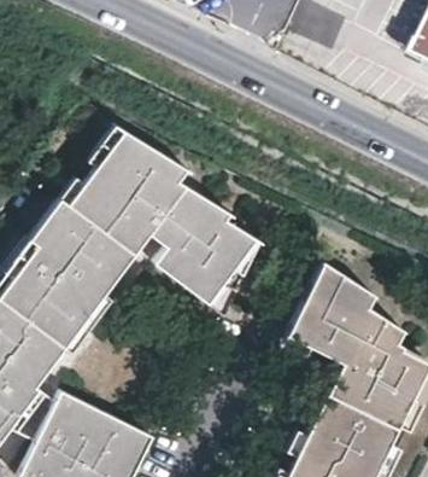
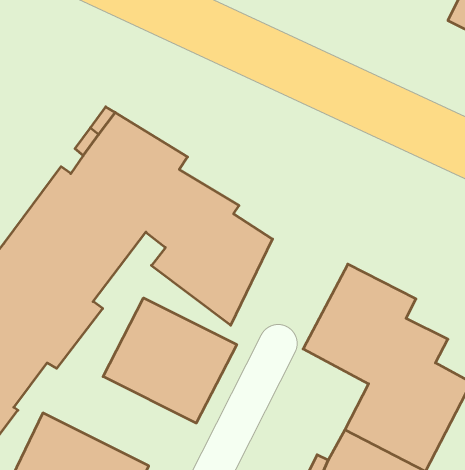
building: none -> [103,298,237,423]

